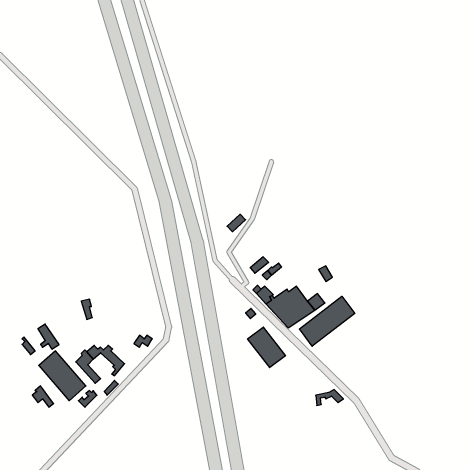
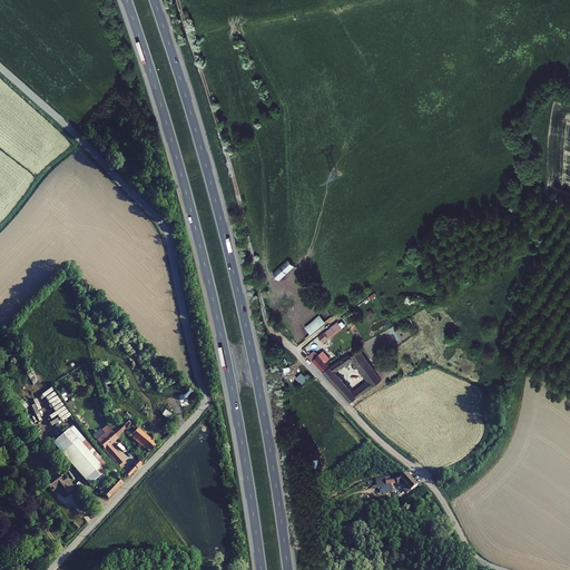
building: [299,296,355,346] -> none
building: [248,327,285,368] -> none

